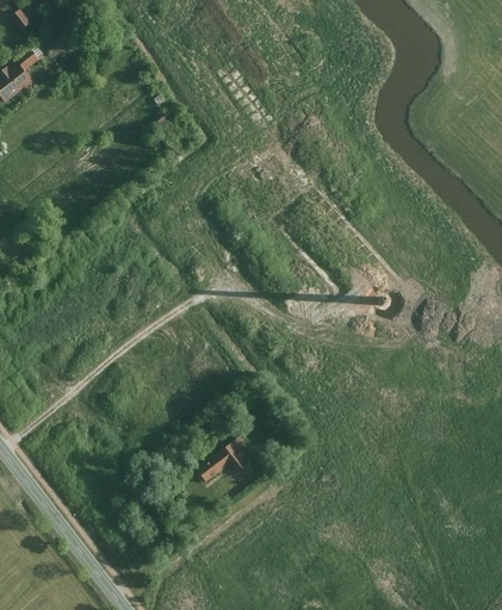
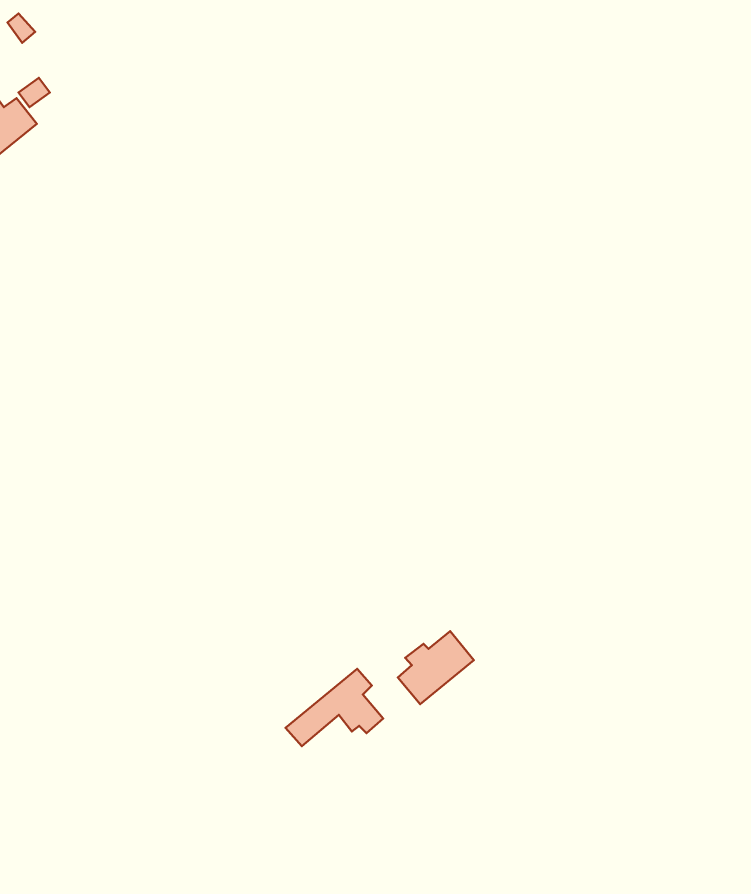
building: none -> [398,631,474,704]

